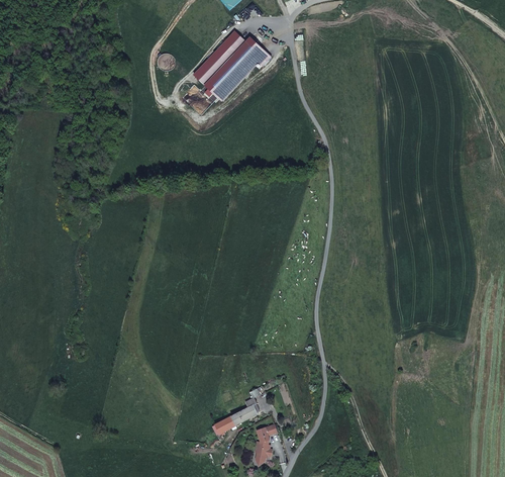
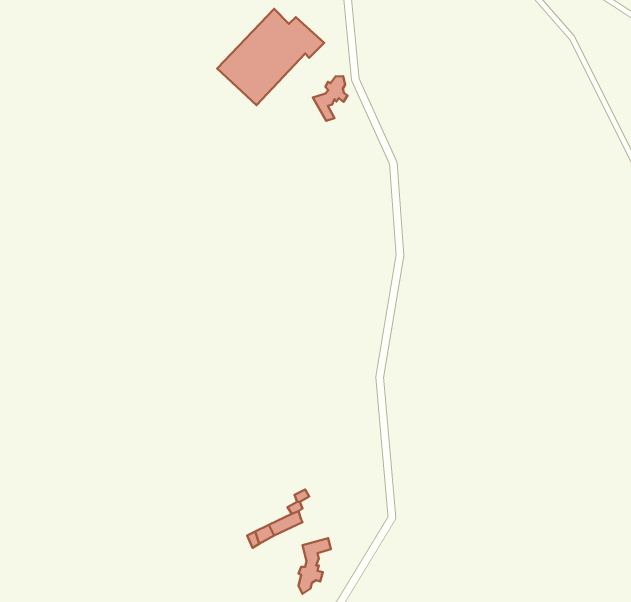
building: none -> [313,76,348,121]

